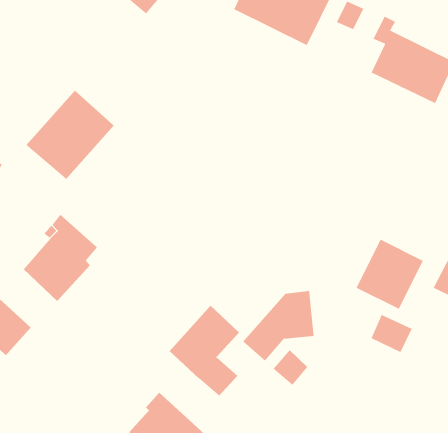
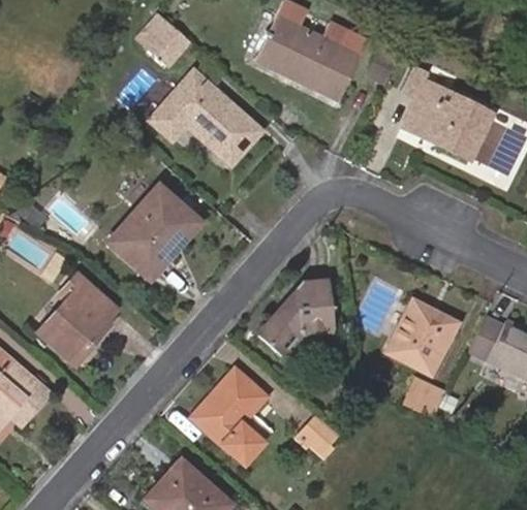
building: none -> [150,71,260,163]
building: [26,90,115,180] -> [106,185,199,279]
building: [243,290,315,361] -> [258,281,334,355]

